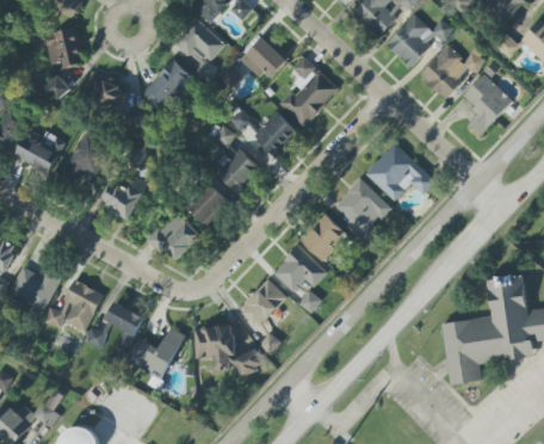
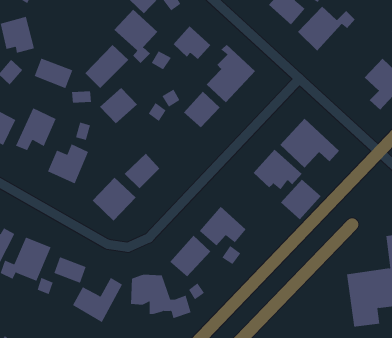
building: [419,45,487,100] -> none
building: [216,149,260,192] -> [99,87,138,124]
building: [299,214,347,261] -> [280,179,322,220]

